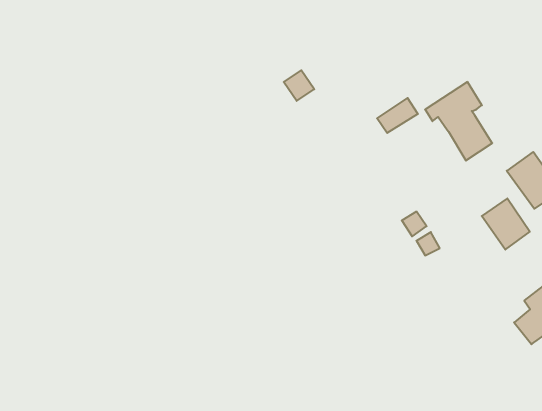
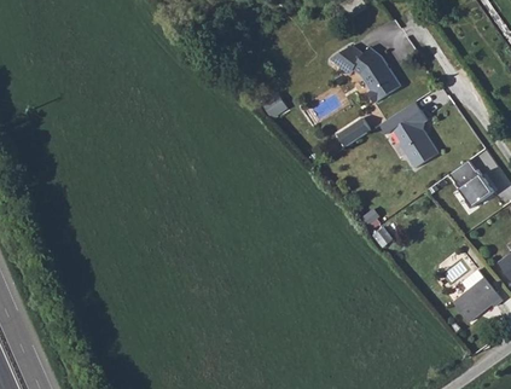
building: none -> [330,45,401,100]
building: [482,198,530,250] -> none

